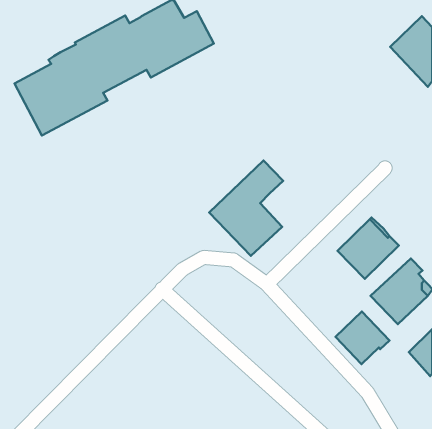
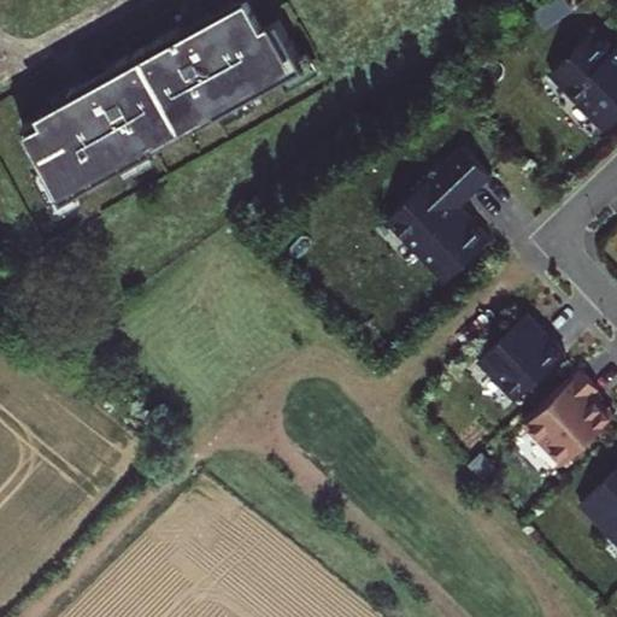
building: [209,160,283,256] -> [386,149,490,284]
building: [335,312,389,364] -> none

